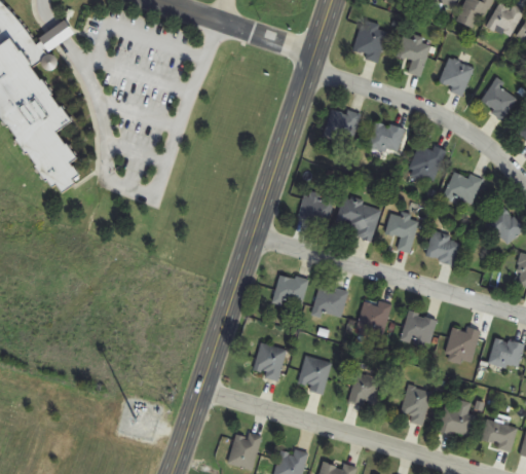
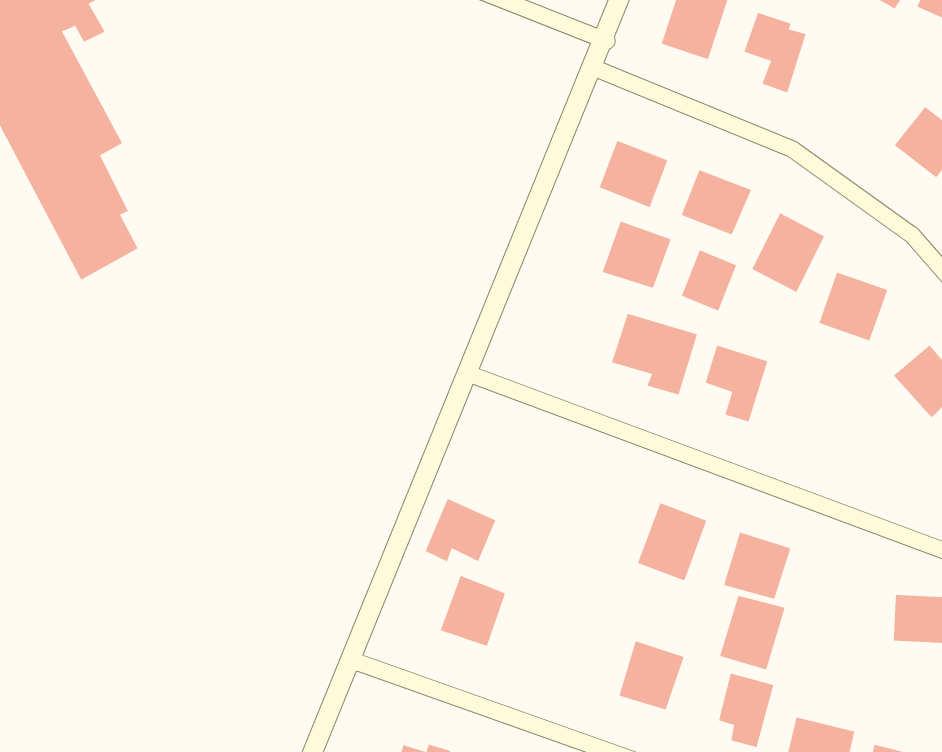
building: [438,58,473,95] -> none
building: none -> [681,249,737,311]
building: [298,190,334,225] -> [602,221,671,289]
building: [425,231,460,265] -> none
building: [271,272,308,306] -> [425,498,496,562]
building: [313,286,346,318] -> none
building: [445,325,479,364] -> [719,595,786,670]
building: [298,356,331,394] -> none

